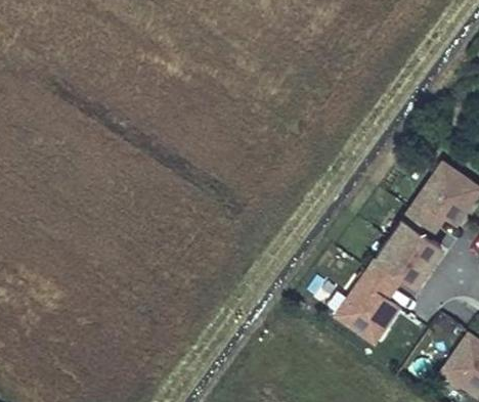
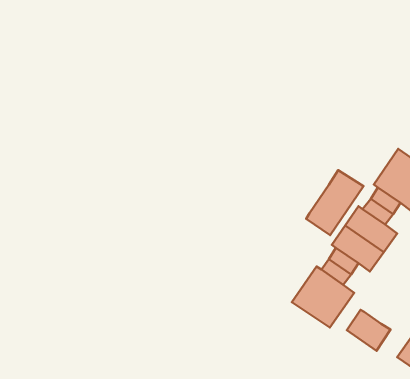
building: none -> [306,170,364,235]
building: none -> [347,310,390,351]

